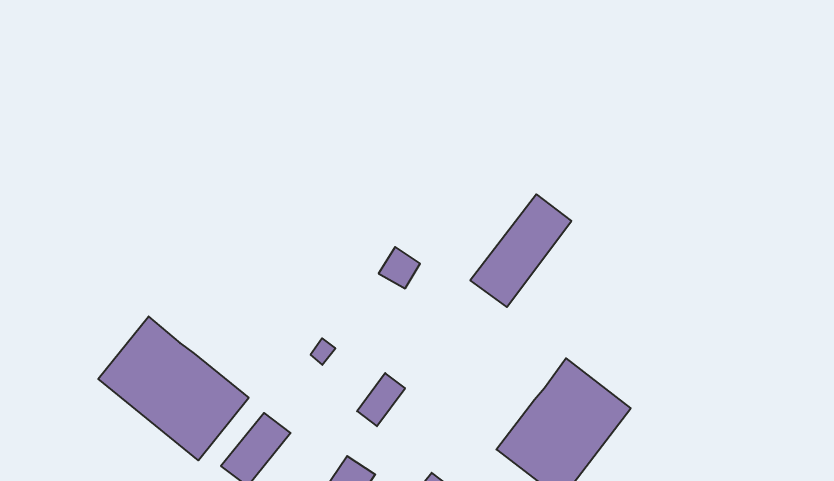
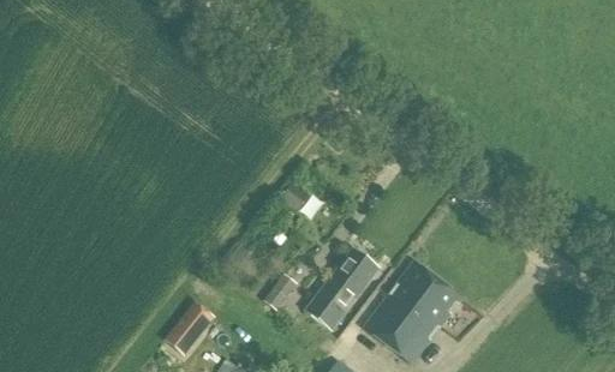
building: [470,194,571,307] -> [305,248,378,330]
building: [98,316,249,460] -> none

